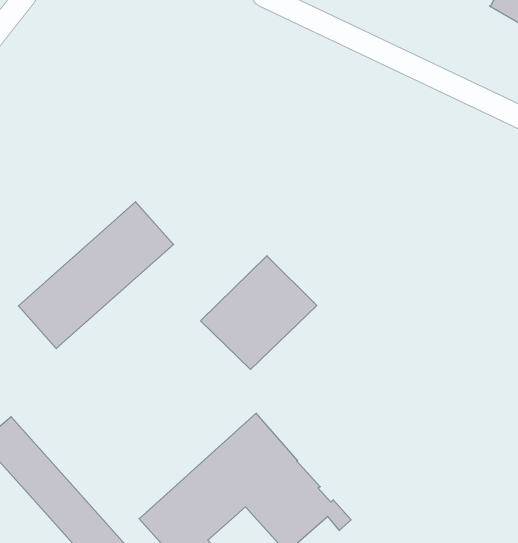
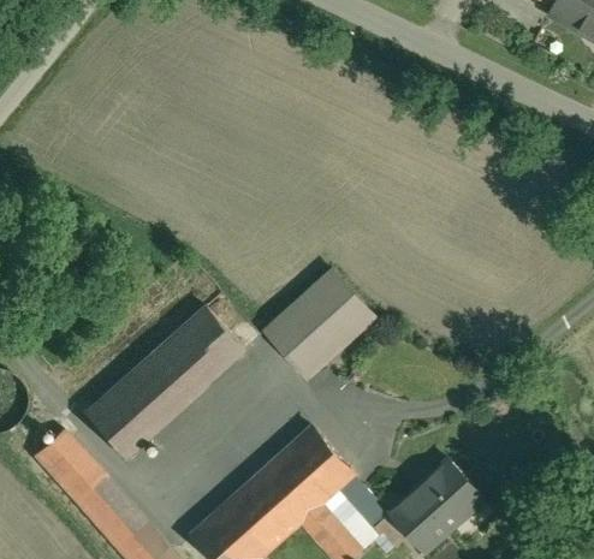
building: [18,202,174,349] -> [85,307,243,456]
building: none -> [388,459,482,551]

